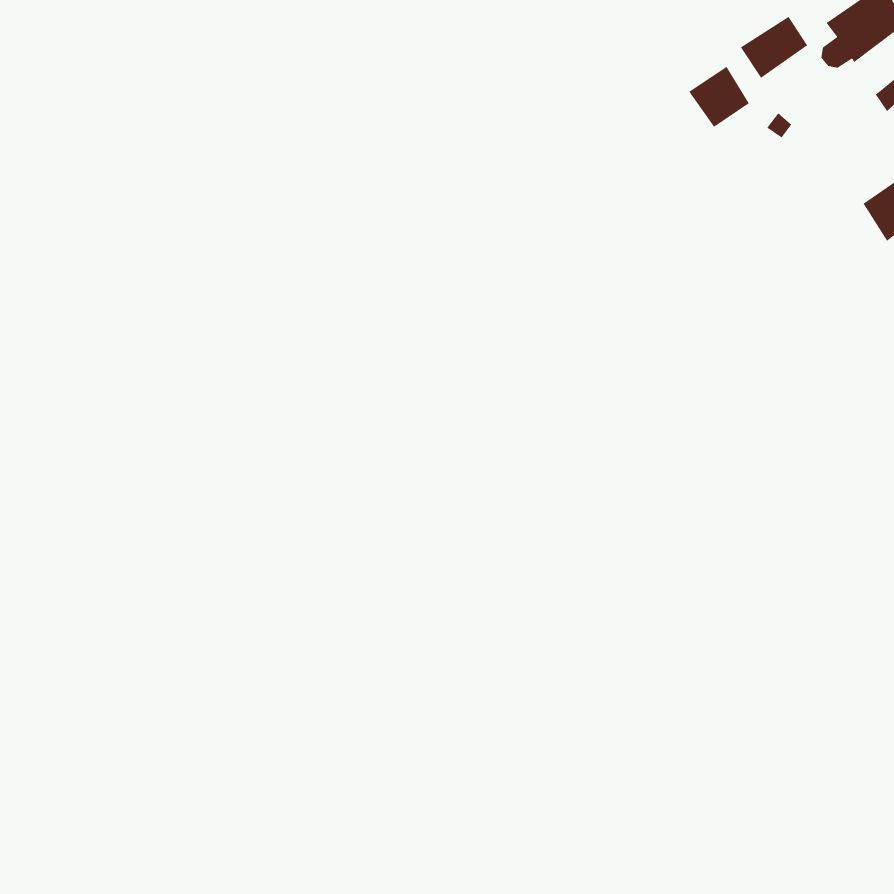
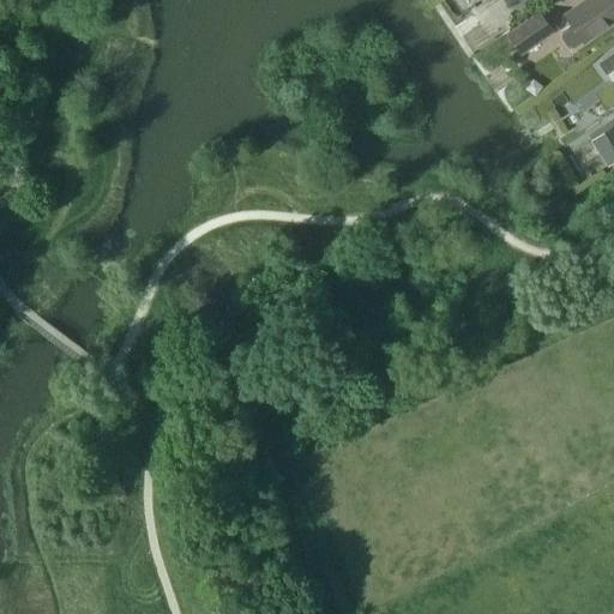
building: [688,66,750,128] -> none

